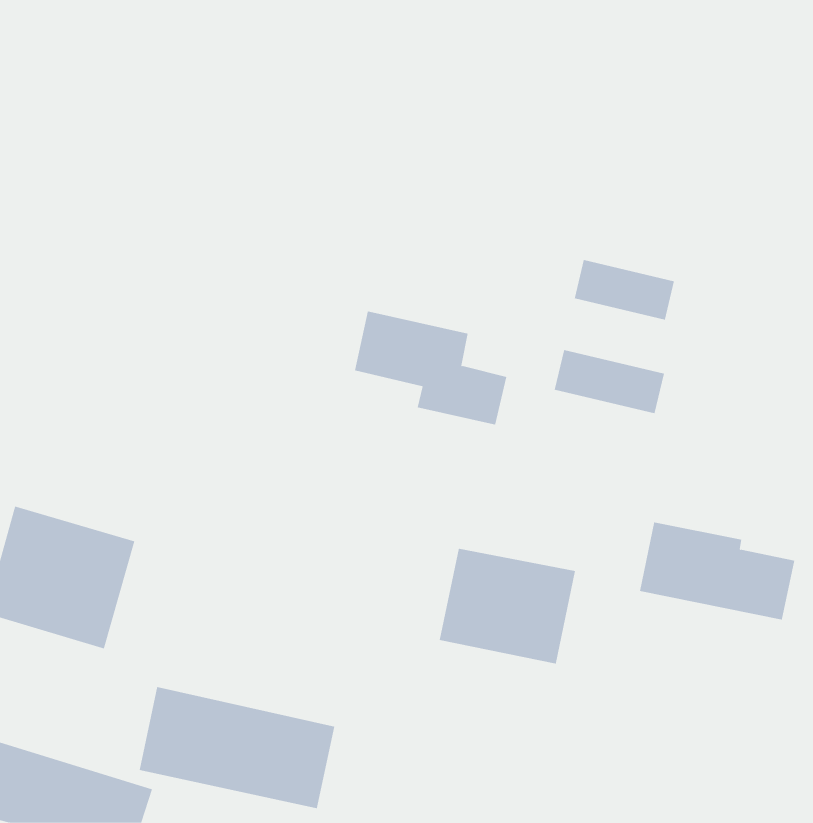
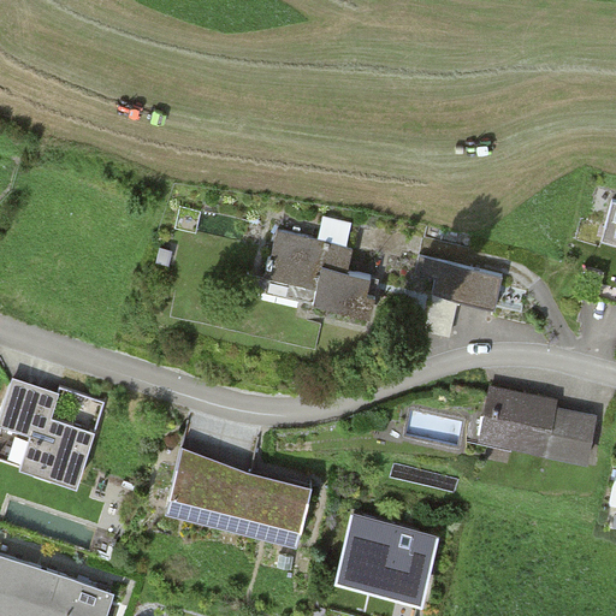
building: [574,259,674,320] -> none
building: [439,548,576,664] -> [336,516,438,603]
building: [139,686,335,809] -> [165,452,312,544]

